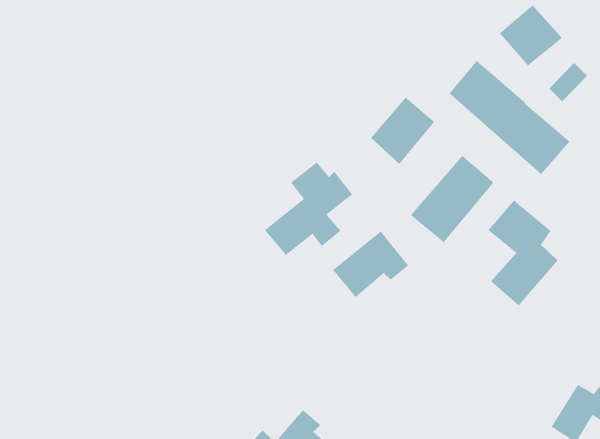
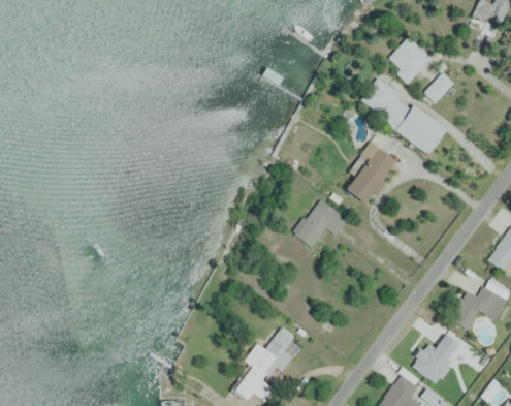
building: [370,97,435,165] -> none
building: [264,161,353,256] -> none
building: [487,199,559,307] -> none

